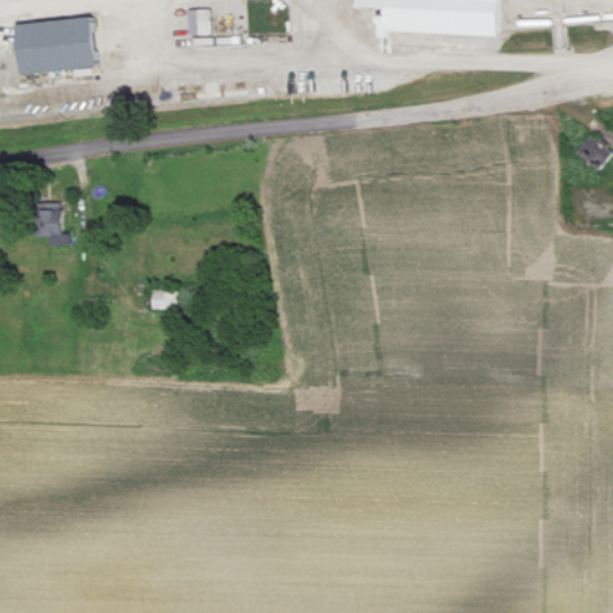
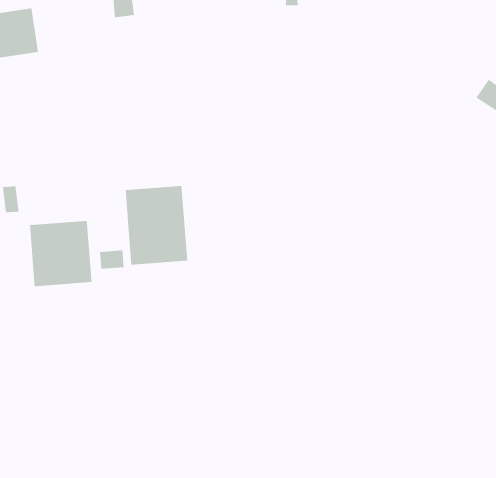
building: none -> [125,185,188,266]
building: none -> [29,220,92,287]

